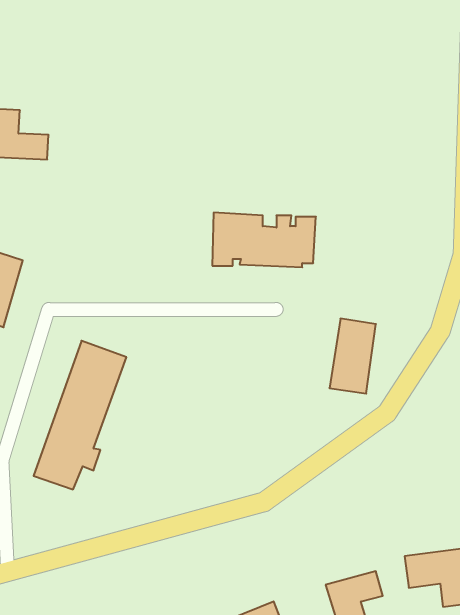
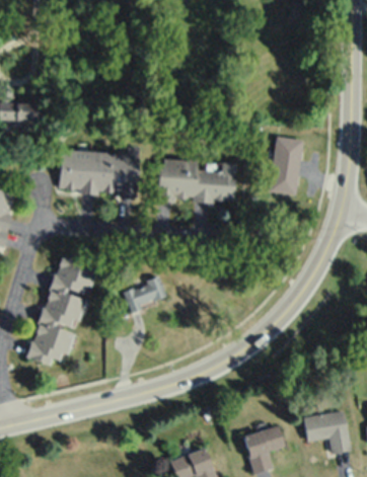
building: none -> [60,150,145,196]
building: [329,319,376,394] -> [269,138,303,193]
building: none -> [122,276,165,315]

